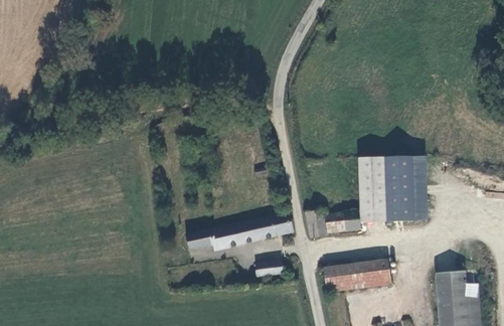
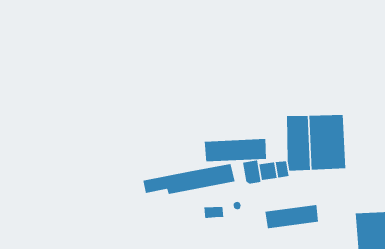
building: none -> [204,138,266,162]

